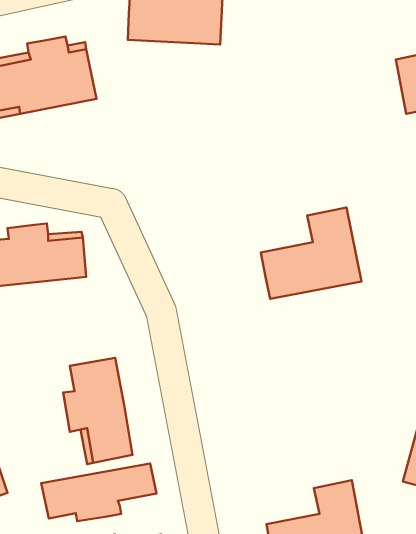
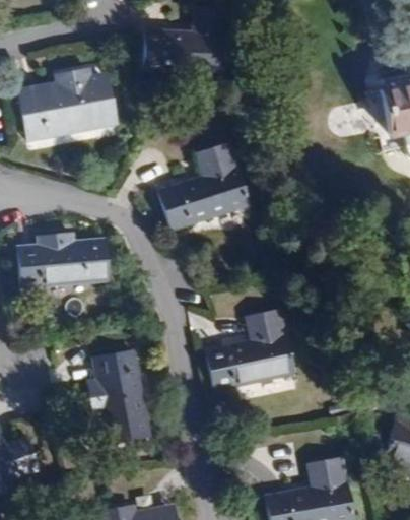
building: none -> [158,143,249,231]
building: [261,207,361,299] -> [206,310,294,390]
building: [41,464,156,521] -> none

